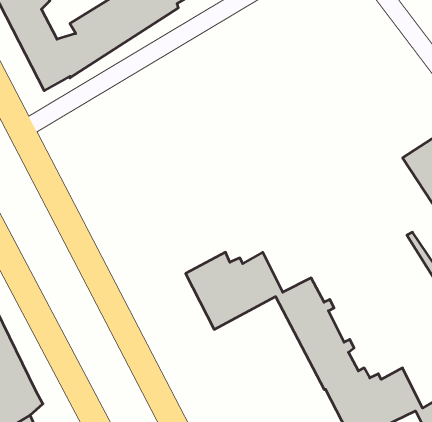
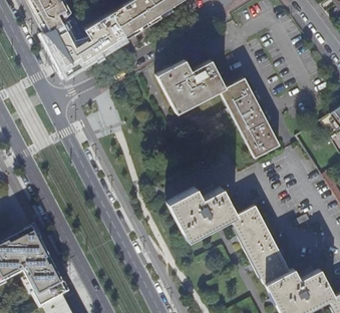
building: none -> [156,59,279,156]

